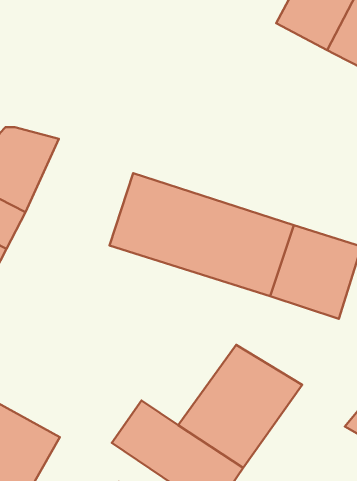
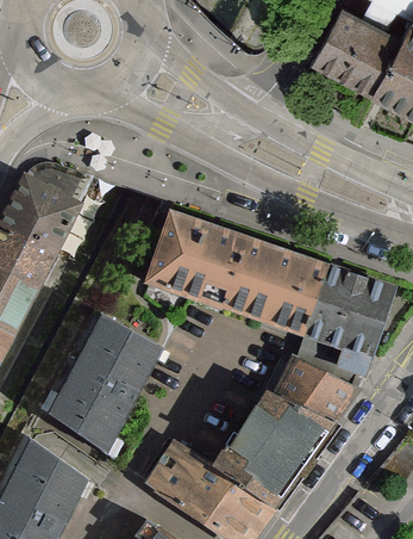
building: none -> [43,317,163,451]
building: none -> [270,336,374,426]

